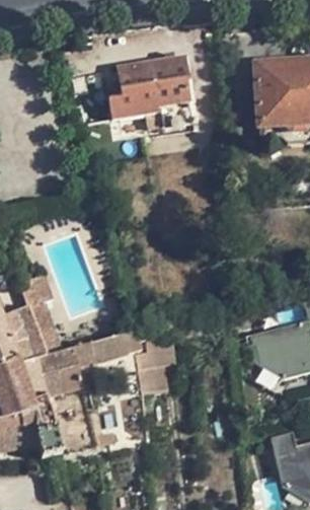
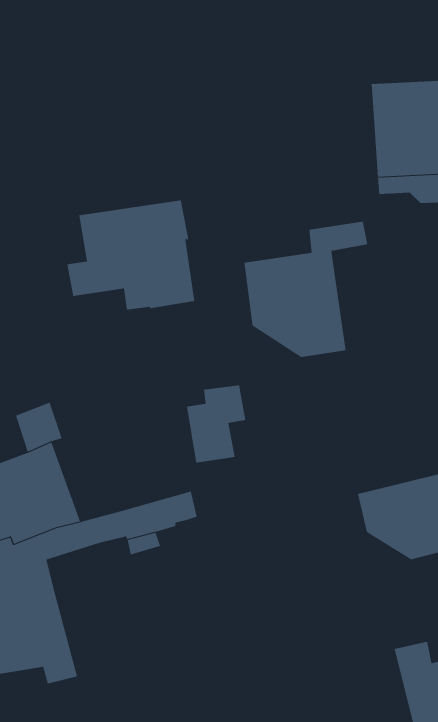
building: [107,56,192,129] -> [66,200,195,310]
building: none -> [244,221,368,358]
building: [134,340,173,391] -> [186,385,246,463]
building: [41,367,81,398] -> none

